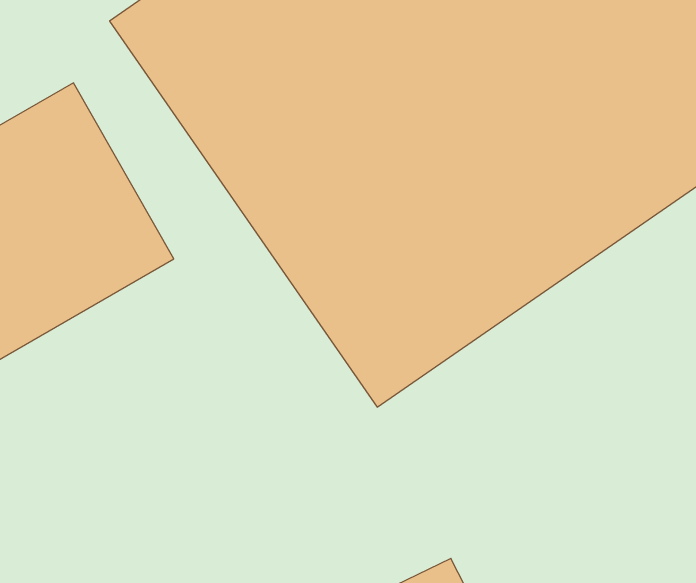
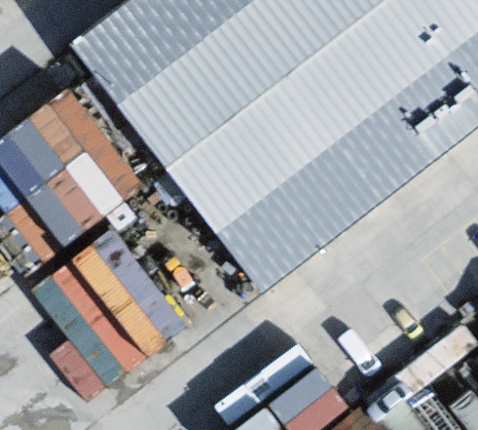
building: none -> [40,224,184,383]

